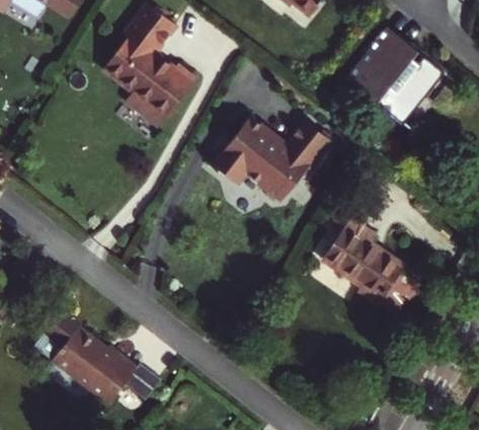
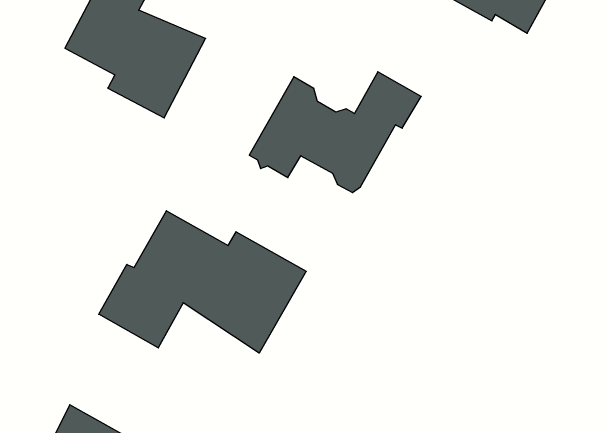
building: none -> [99,211,306,353]
building: [323,210,422,313] -> none

